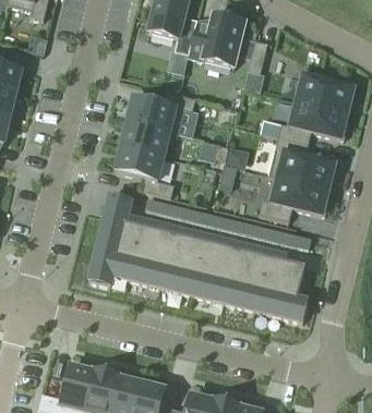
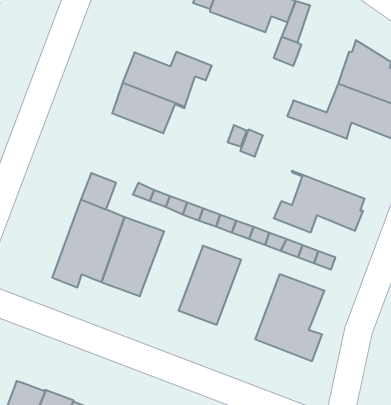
building: [267,135,333,189] -> none
building: [113,145,173,197] -> none
building: [159,233,204,294] -> none
building: [223,248,267,309] -> none

